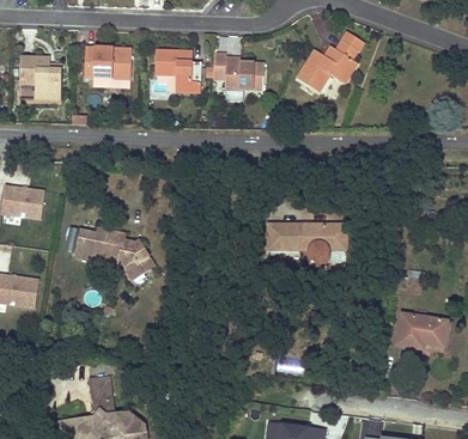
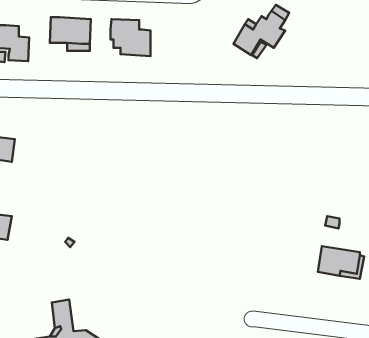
building: [213,51,265,89] -> none
building: [268,224,346,266] -> none
building: [74,227,154,278] -> none

